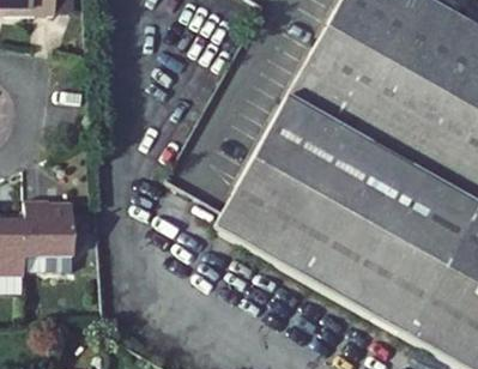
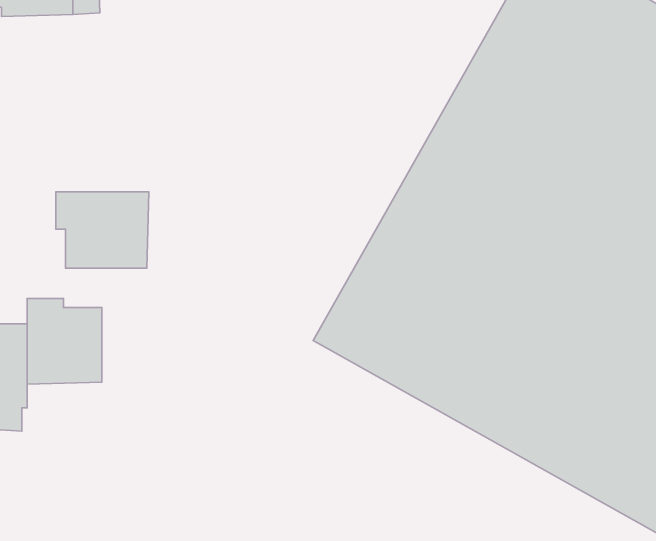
building: none -> [56,192,149,268]

